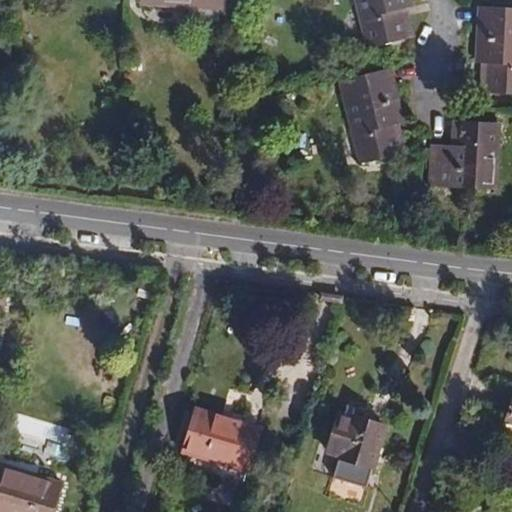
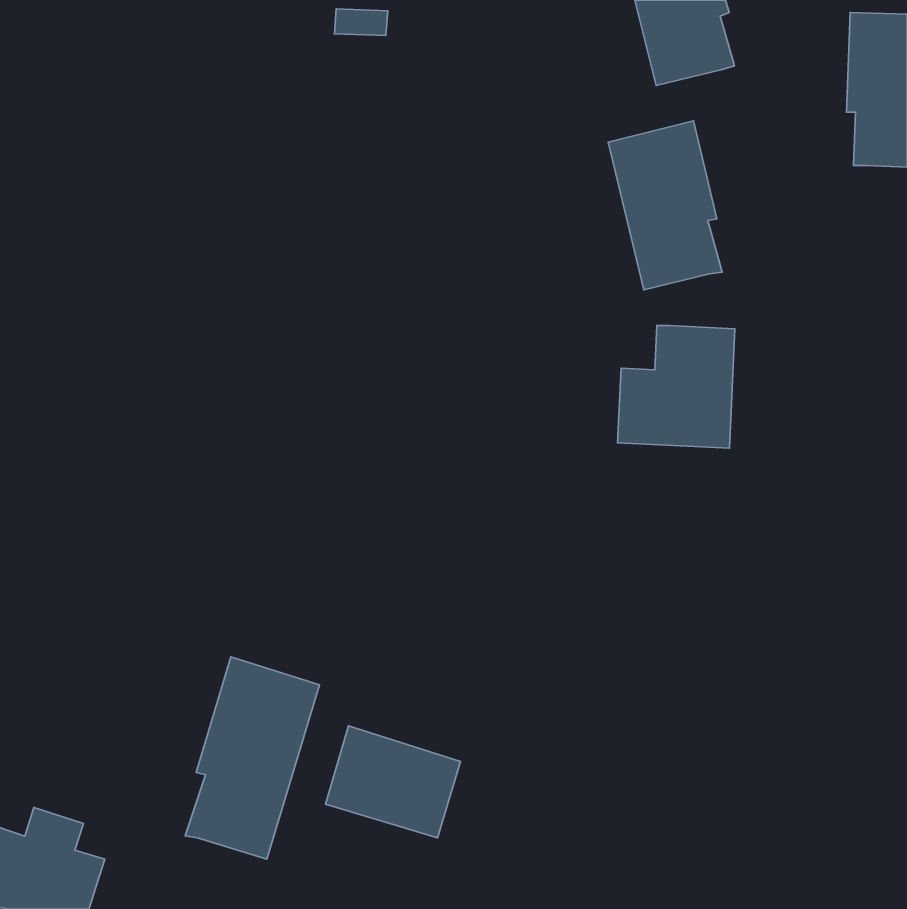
building: [429,120,495,189] -> [618,325,735,448]
building: none -> [185,657,319,859]
building: [326,413,386,489] -> none

